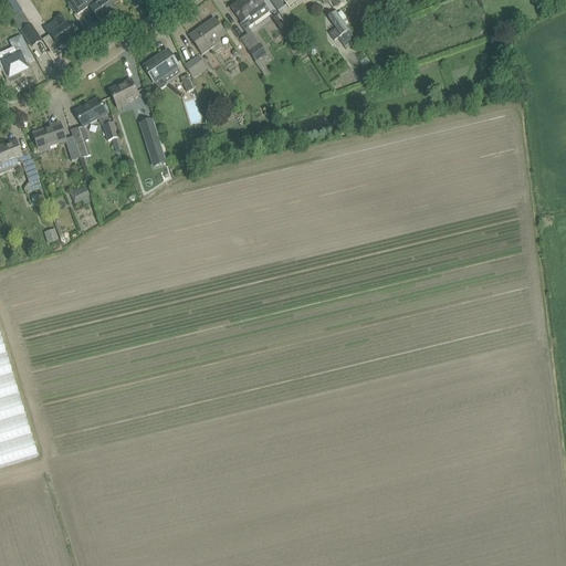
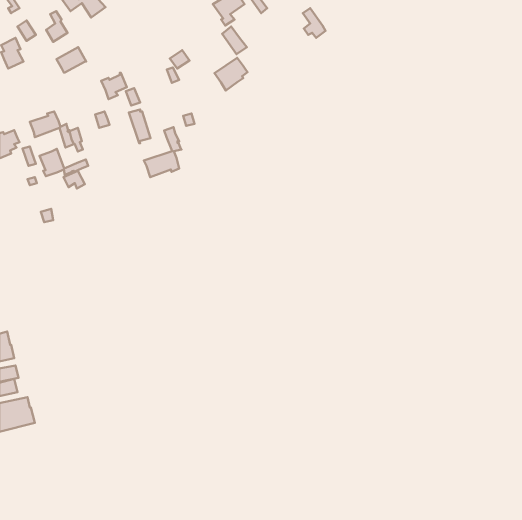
building: [189,17,224,52] -> [215,58,247,90]
building: [143,48,178,88] -> none
building: [74,96,106,124] -> [57,47,86,73]
building: none -> [144,127,182,177]
building: none -> [39,149,88,176]

